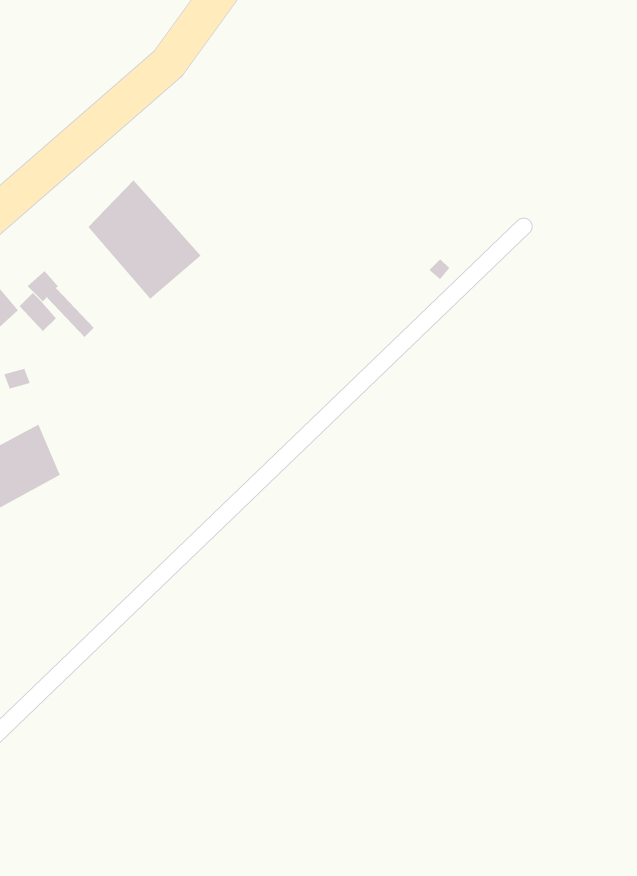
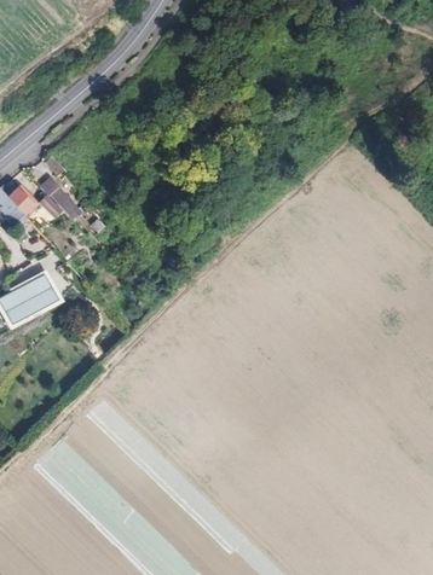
building: [88,180,201,300] -> none

